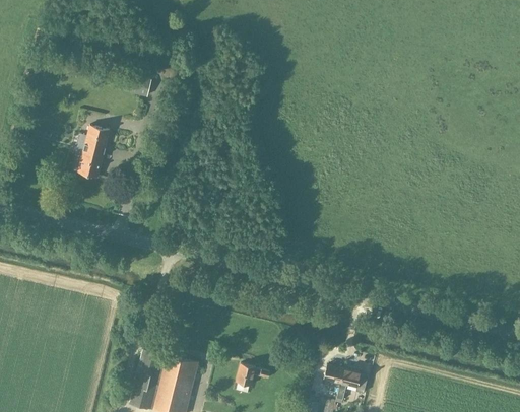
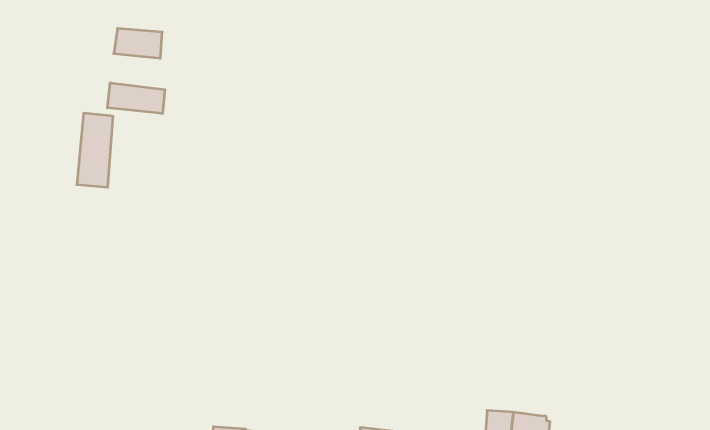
building: none -> [107,83,165,114]

